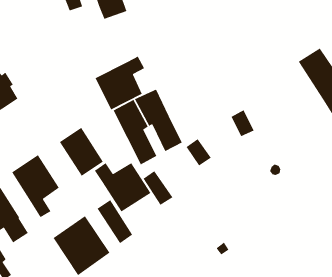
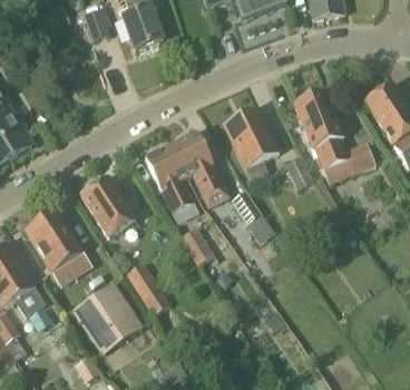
building: none -> [292,90,375,172]
building: [95,56,145,110] -> none
building: none -> [224,107,280,167]
building: [94,162,152,212] -> none

